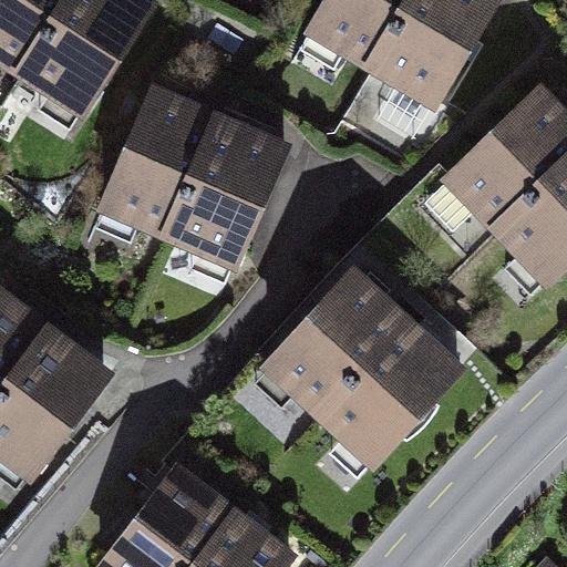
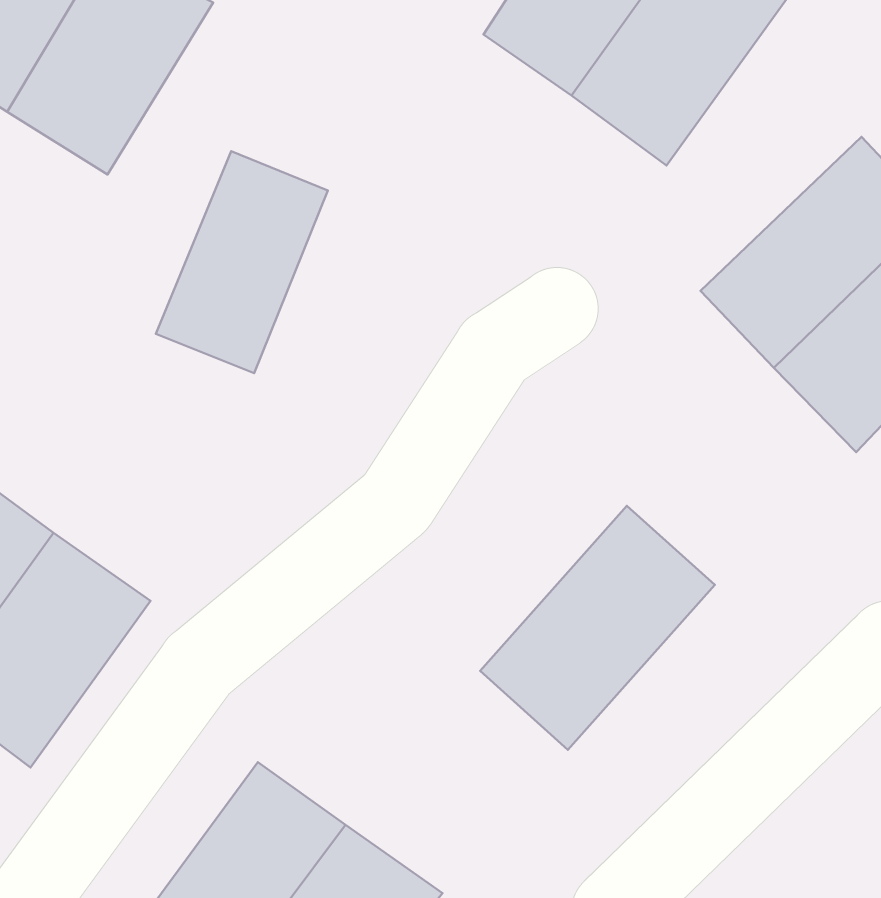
building: [173,121,285,260] -> none
building: [262,271,403,417] -> none

